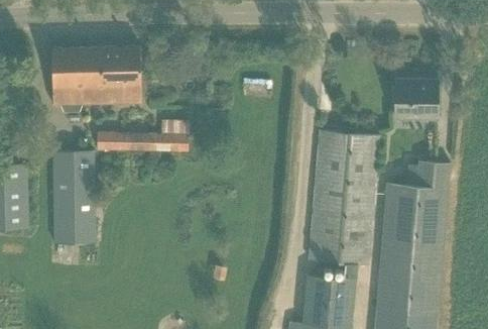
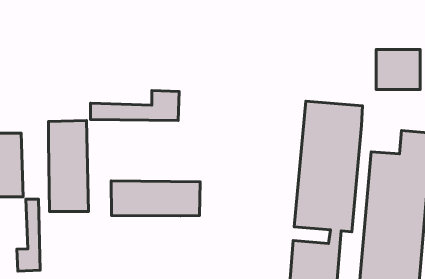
building: [51,46,140,104] -> none
building: none -> [111,181,200,216]
building: none -> [17,199,40,271]

